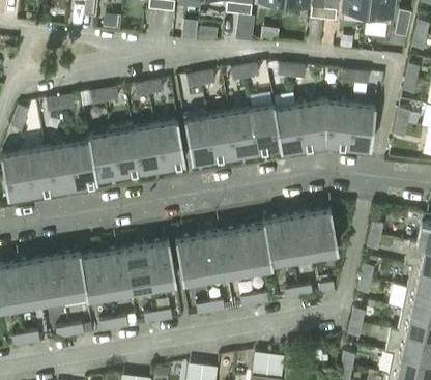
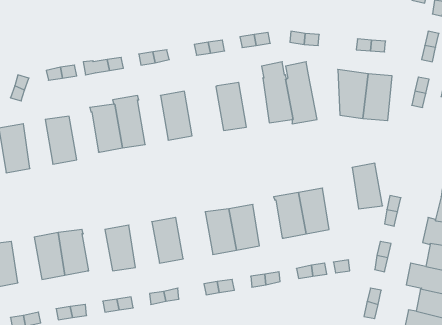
building: [295,101,325,149] -> none
building: [229,110,258,156] -> none
building: [183,113,214,164] -> none
building: [133,126,162,173] -> none
building: [67,142,97,187] -> none
building: [24,149,52,196] -> none
building: [309,210,338,254] -> [352,163,383,209]
building: [242,226,272,269] -> none
building: [175,237,204,282] -> none
building: [124,246,153,290] -> none
building: [80,254,109,297] -> none
building: [12,261,41,304] -> none

